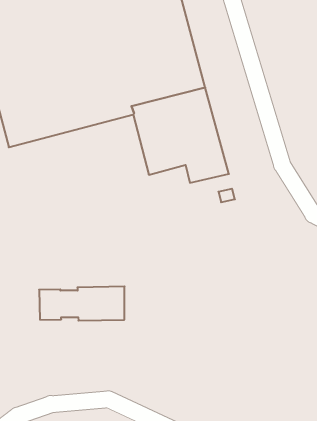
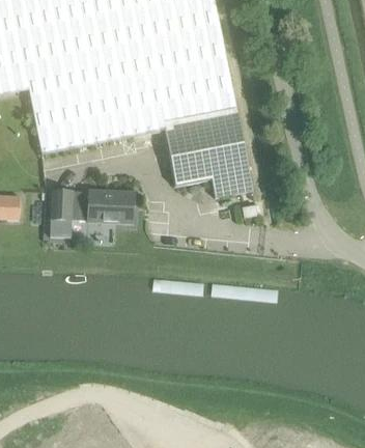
building: [39,286,125,321] -> [51,193,135,227]

